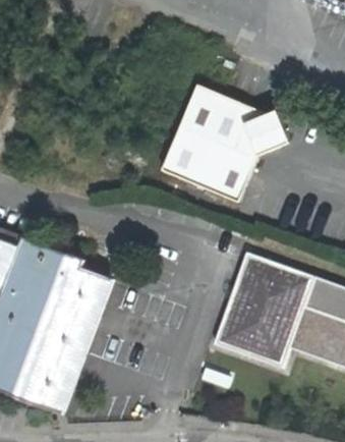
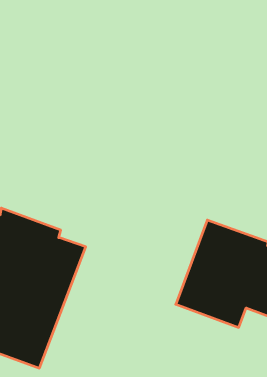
building: [165,84,292,202] -> none

